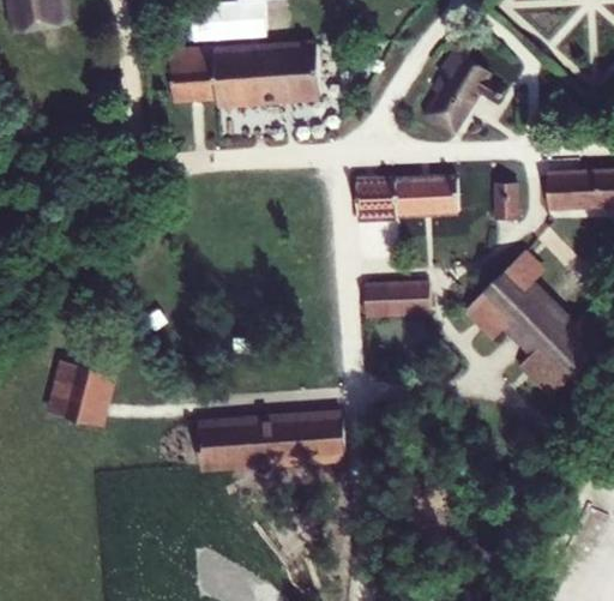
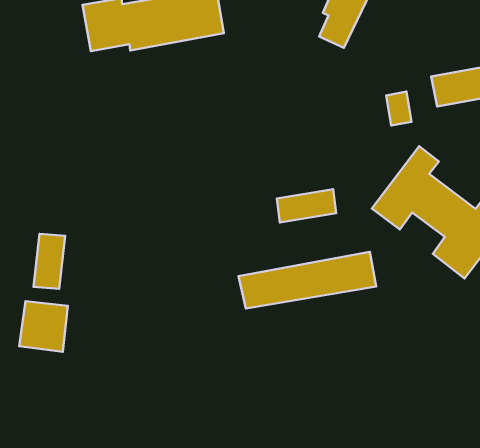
building: [350,180,456,217] -> none
building: none -> [33,234,65,289]
building: [198,420,347,464] -> [238,252,376,309]

